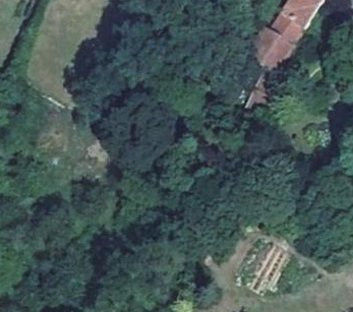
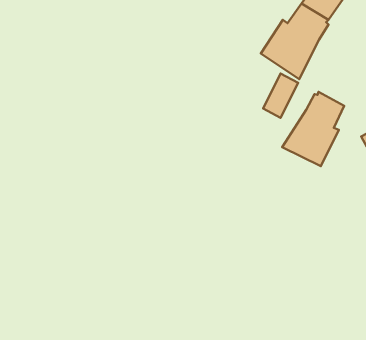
building: none -> [282,92,344,166]

